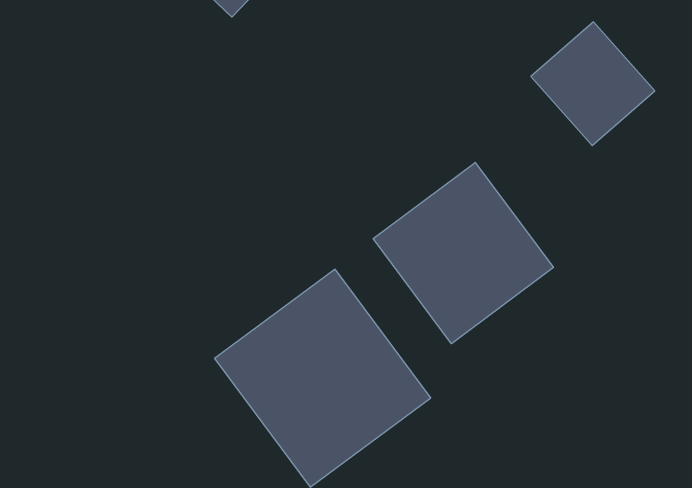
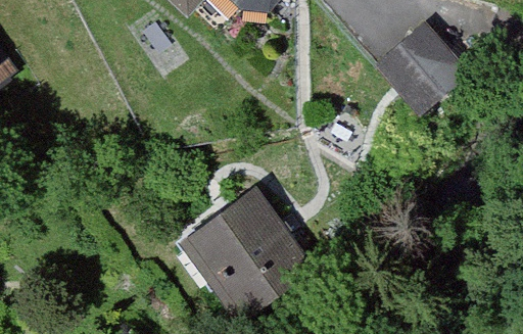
building: [373,162,553,344] -> none

